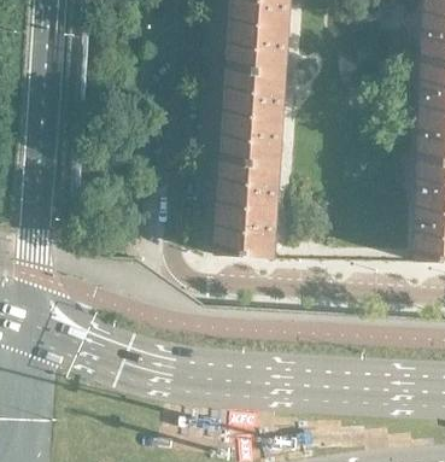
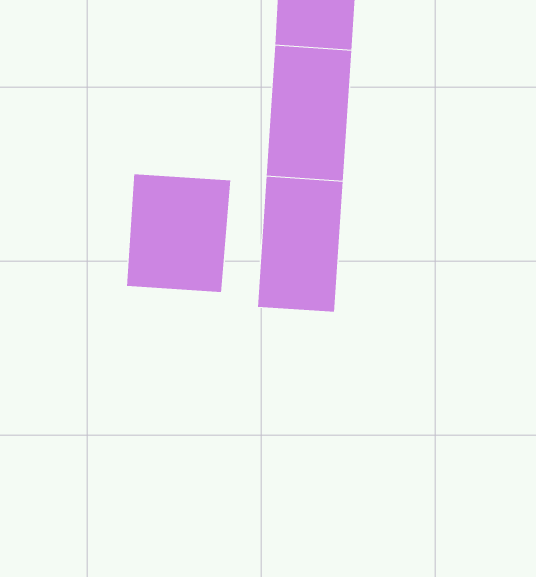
building: none -> [126,173,231,293]

